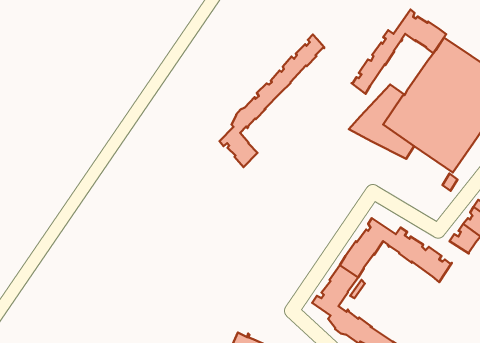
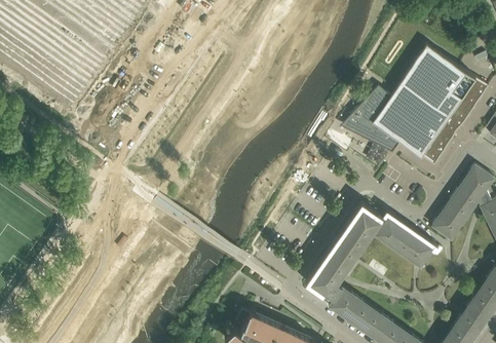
building: [351,10,446,94] -> none
building: [220,35,324,167] -> none

